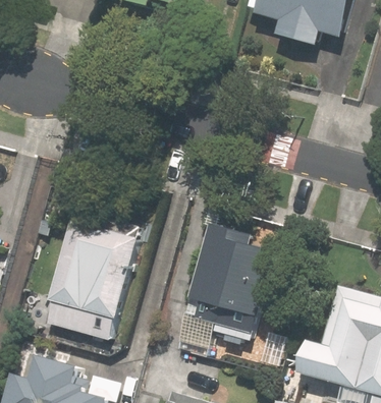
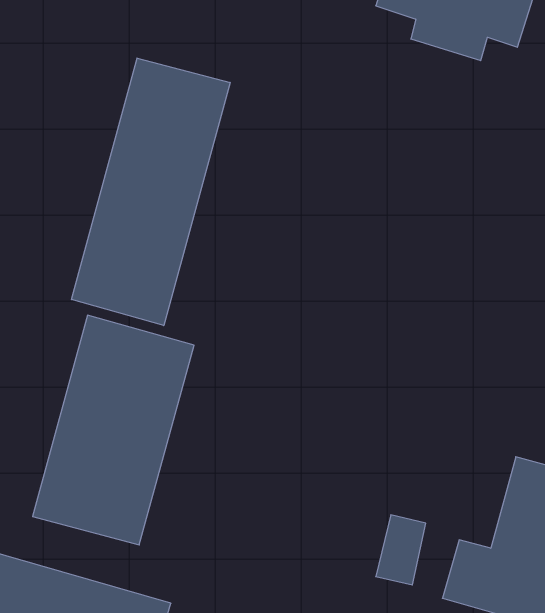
building: none -> [72,58,230,326]
building: [175,224,274,350] -> none

